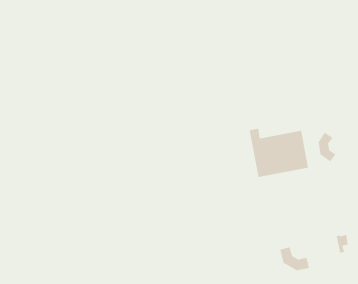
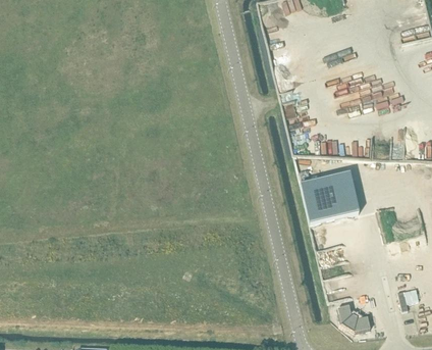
building: [318,132,336,162] -> none

